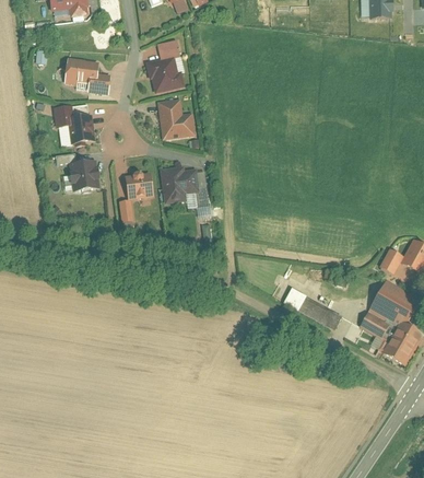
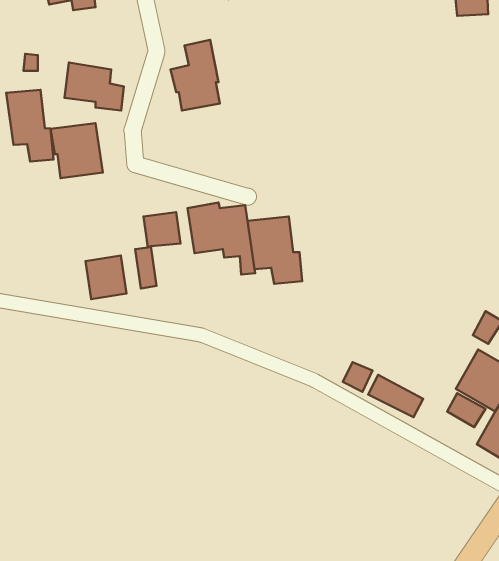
building: none -> [6,90,53,161]
building: [157,98,195,140] -> none
building: [69,159,101,193] -> [85,255,126,299]
building: none -> [248,217,302,284]

